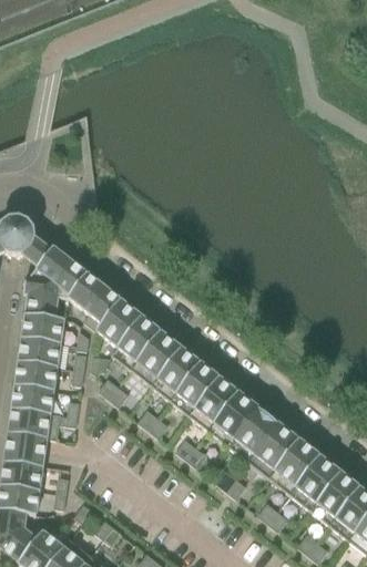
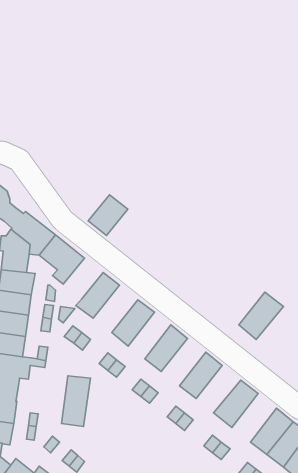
building: [96,299,142,346] -> [88,195,128,235]
building: [131,330,182,384] -> none
building: [171,361,220,414] -> none
building: [208,391,259,445] -> none
building: [248,422,299,476] -> [239,292,283,339]
building: none -> [62,376,91,427]
building: [289,454,340,509] -> none

